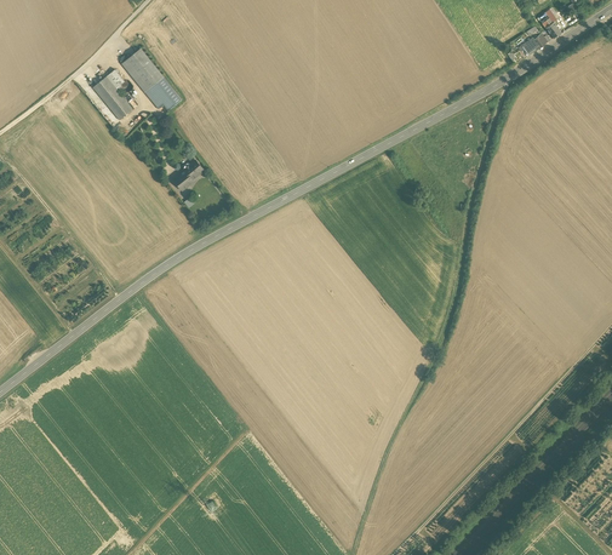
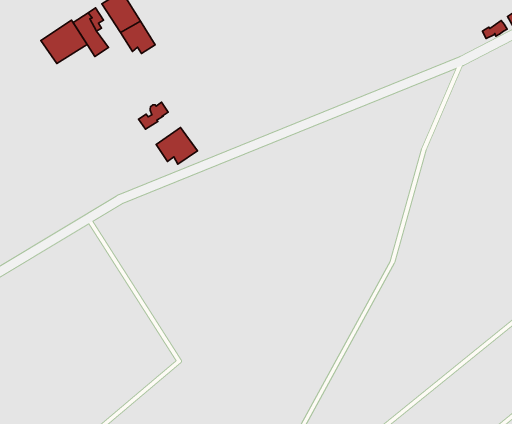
building: none -> [41,20,87,63]
building: none -> [156,128,197,164]

